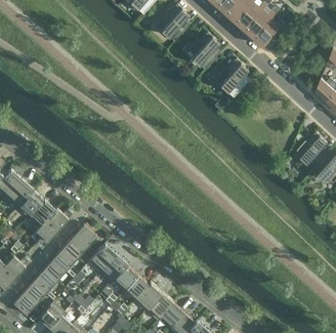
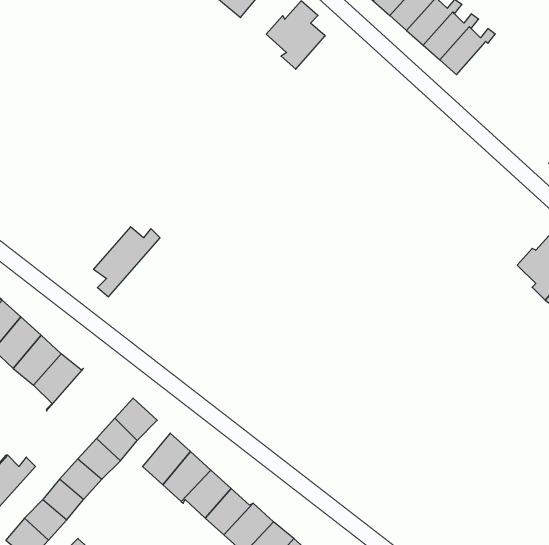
building: [187,33,219,70] -> none
building: [216,58,248,96] -> none
building: [35,208,72,247] -> [94,227,160,297]

